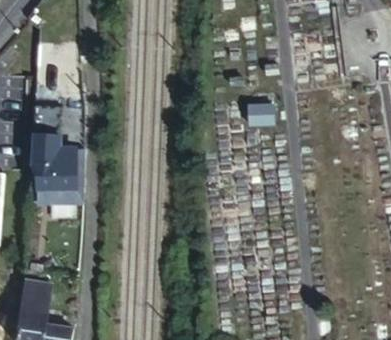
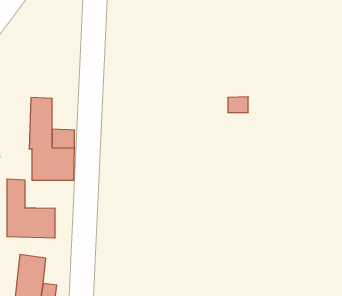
building: none -> [7,179,55,238]

